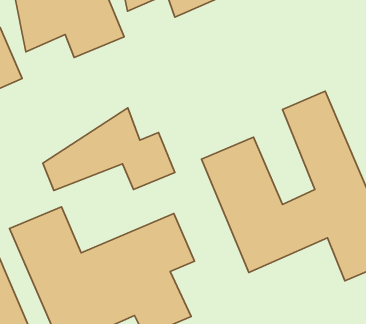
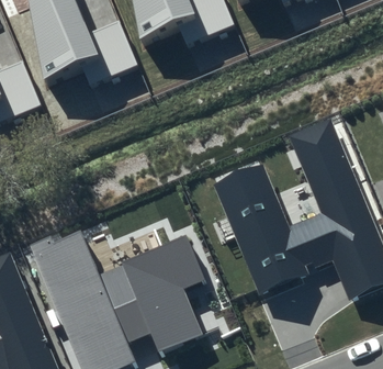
building: [43,108,175,190] -> none

